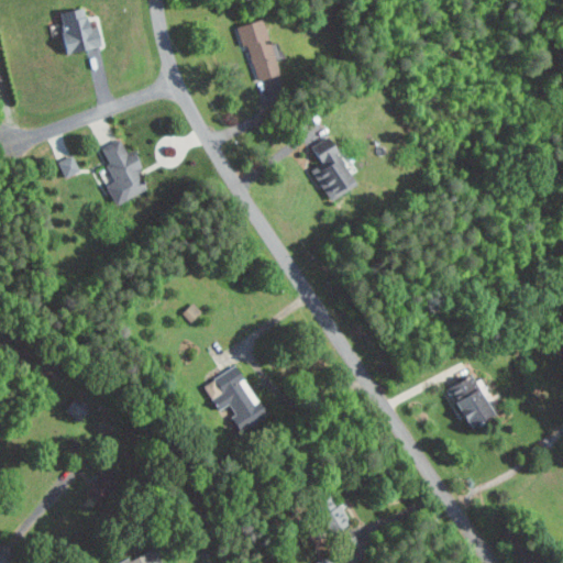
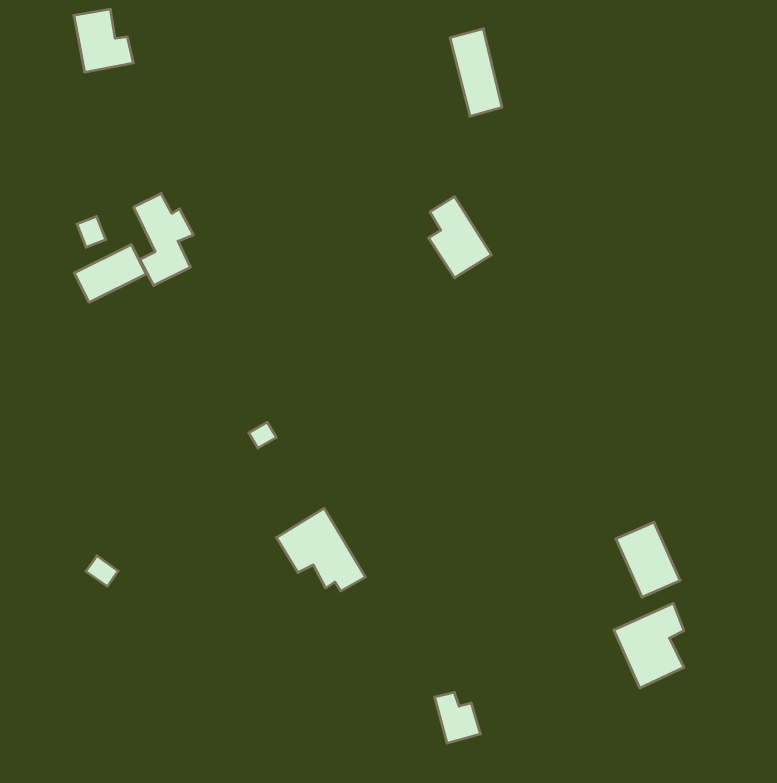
building: [242,19,279,81] -> [450,29,502,116]
building: none -> [74,244,146,302]
building: none -> [614,603,684,688]

